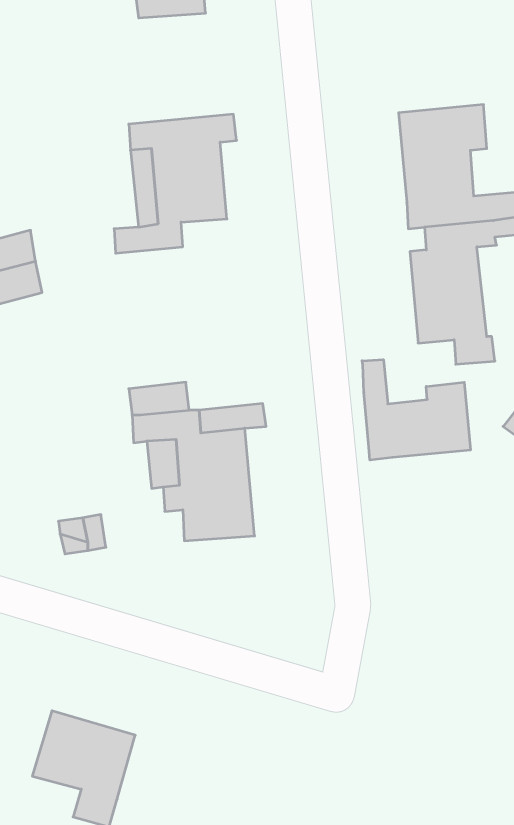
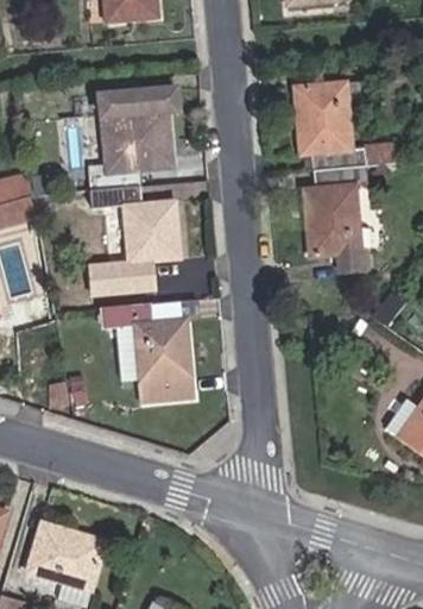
building: none -> [90,184,177,260]
building: [362,360,470,460] -> none

